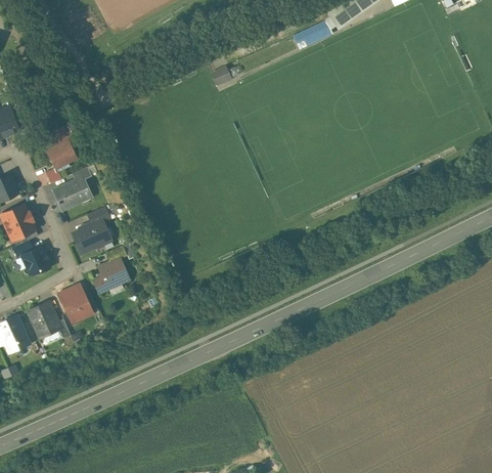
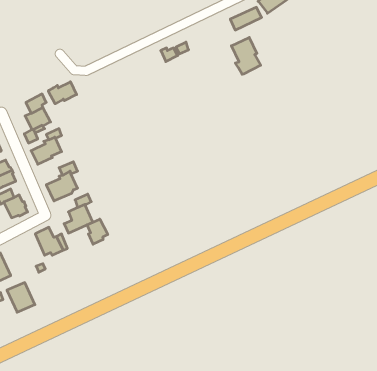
building: none -> [231,37,261,74]
building: none -> [49,82,77,104]
building: none -> [87,219,108,244]
building: [27,302,60,338] -> [7,283,35,312]

